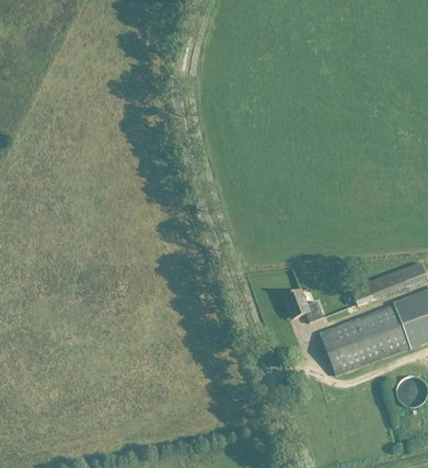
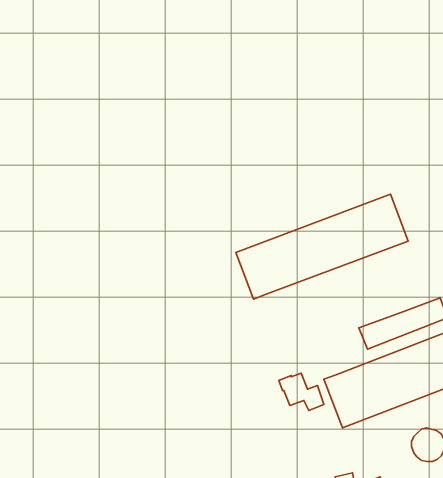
building: none -> [236,194,408,299]
building: [284,290,323,323] -> [279,373,324,411]

